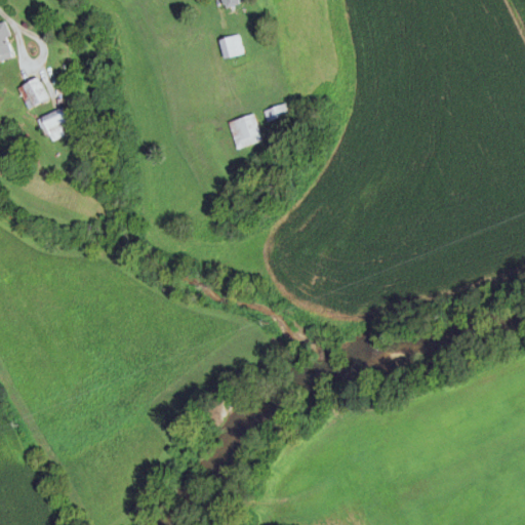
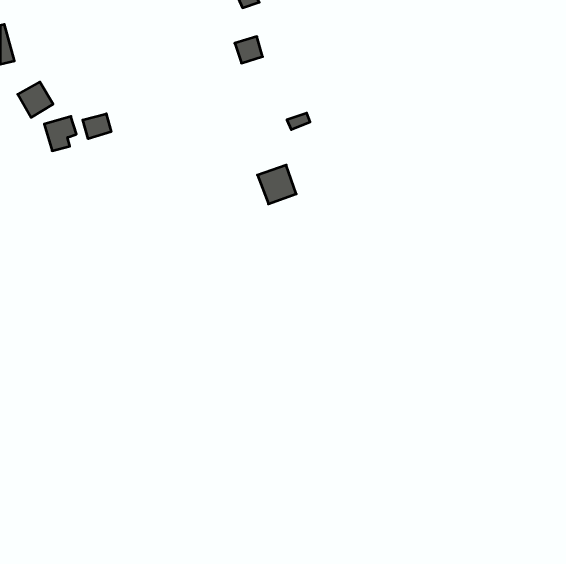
building: none -> [83,114,111,139]
building: [227,113,262,149] -> [257,165,296,204]

